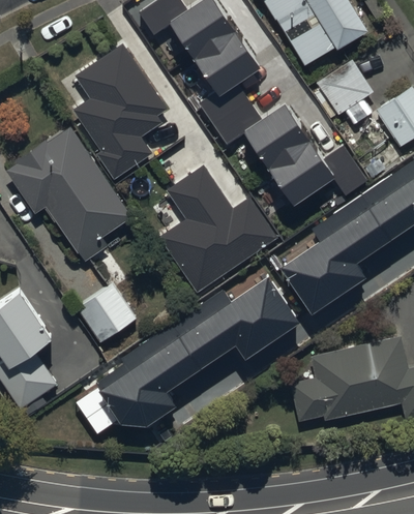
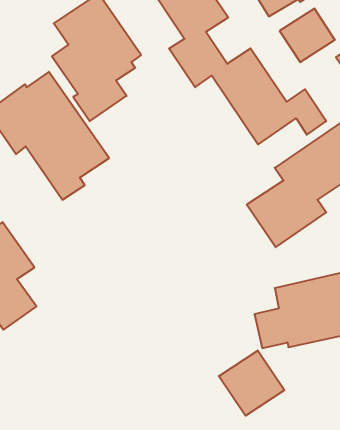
building: [159,167,278,294] -> none
building: [93,277,300,427] -> none
building: [79,285,138,344] -> none
building: none -> [219,350,284,416]

